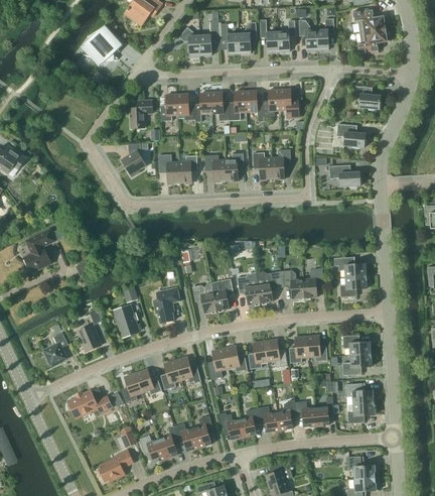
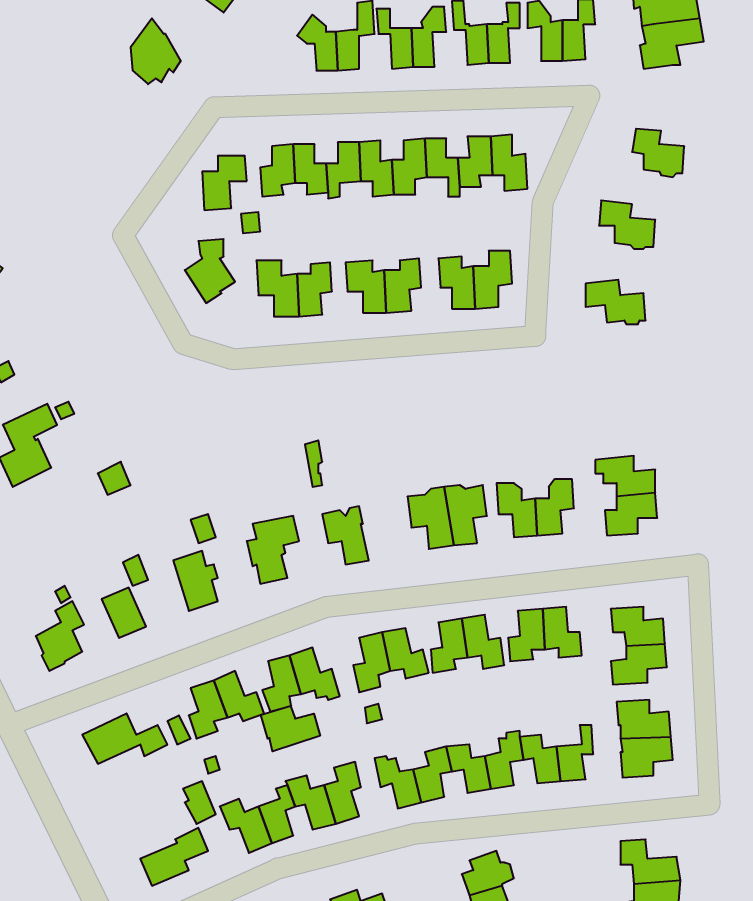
building: [212,278,234,311] -> none
building: none -> [261,706,320,751]

